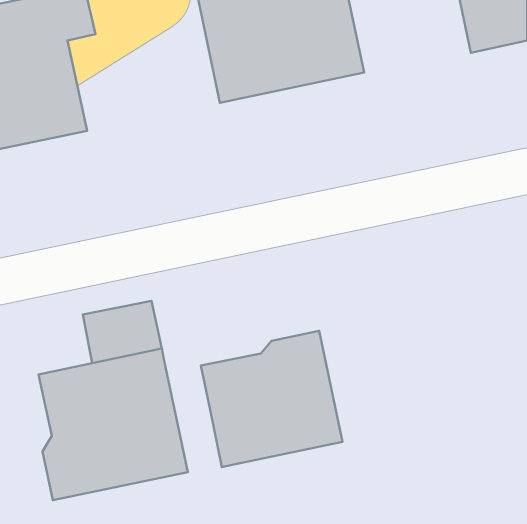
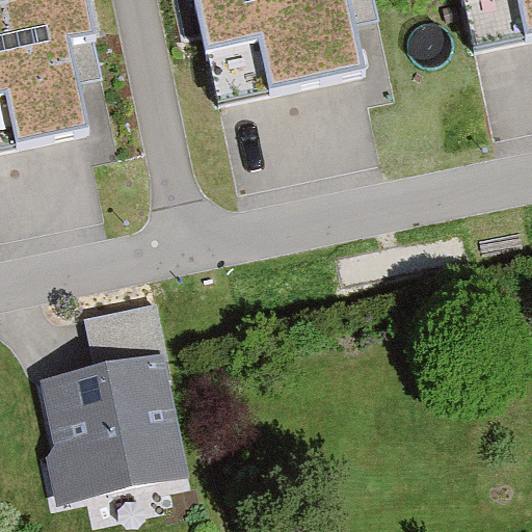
building: [201,331,343,467] -> none

